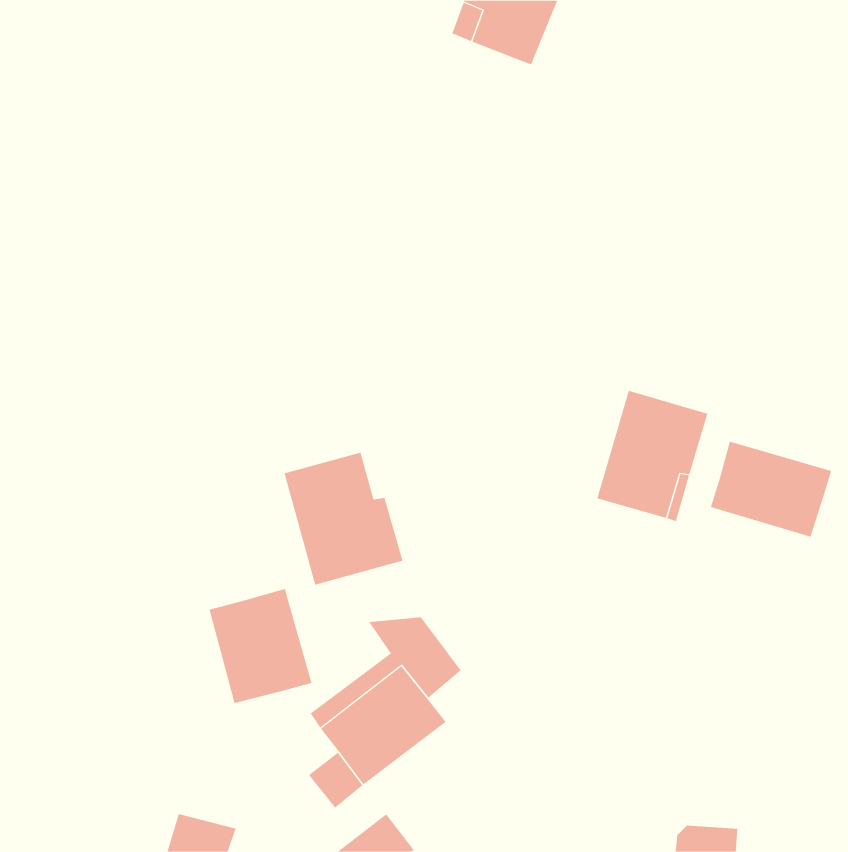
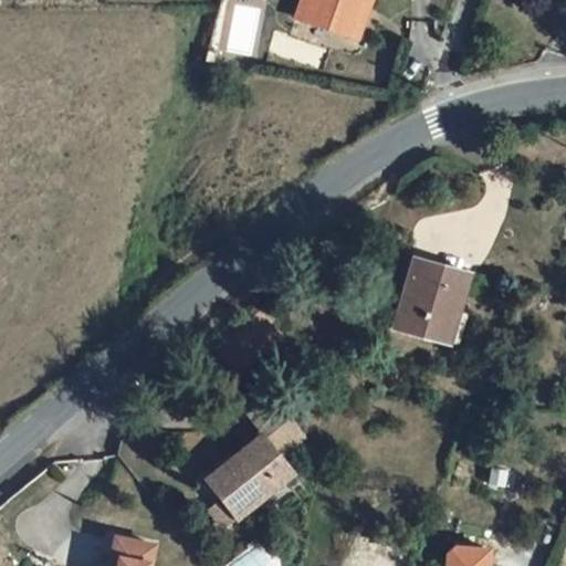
building: [710,441,832,537] -> none
building: [284,452,403,585] -> none
building: [209,588,312,704] -> none

